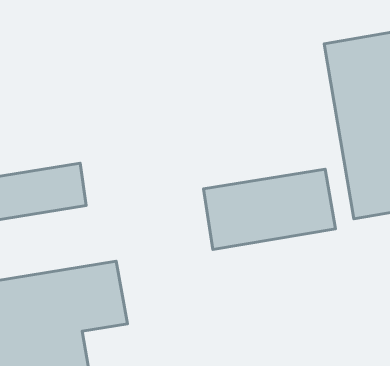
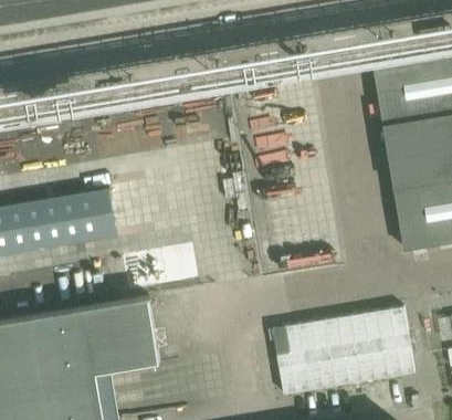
building: [204,169,335,250] -> [274,307,416,393]

